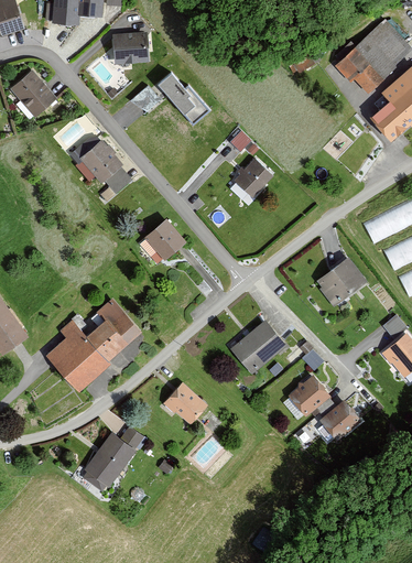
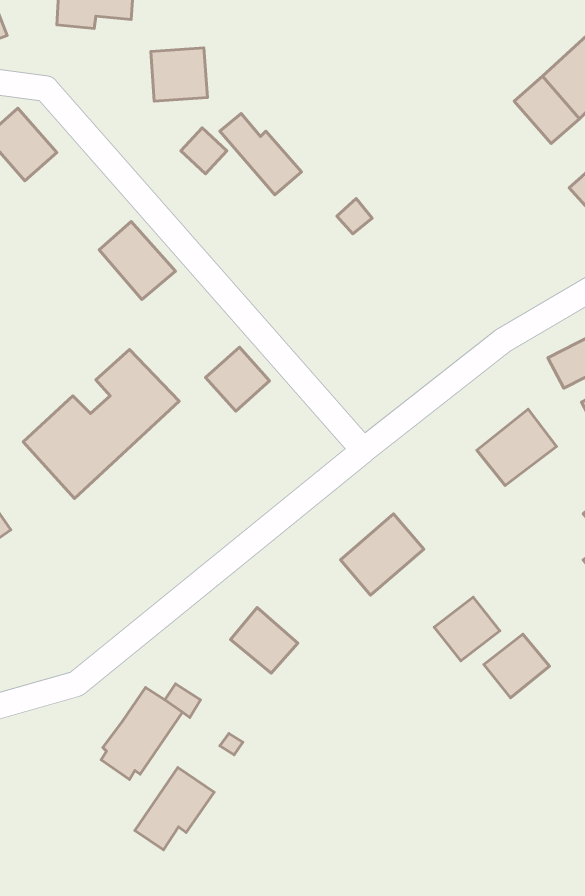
building: [236,163,269,196] -> none
building: [46,299,143,391] -> [23,350,179,498]
building: none -> [135,767,214,850]

